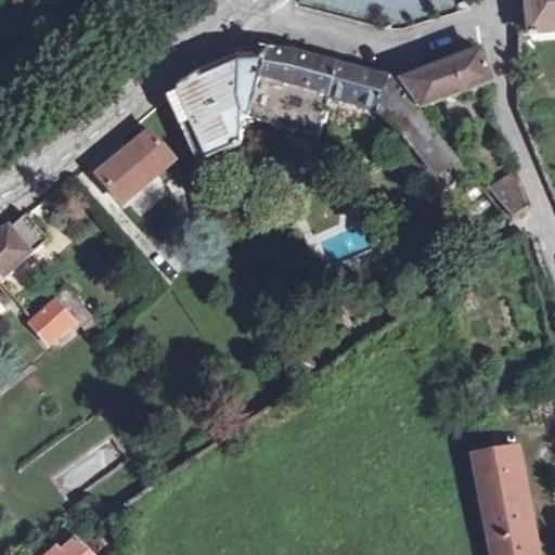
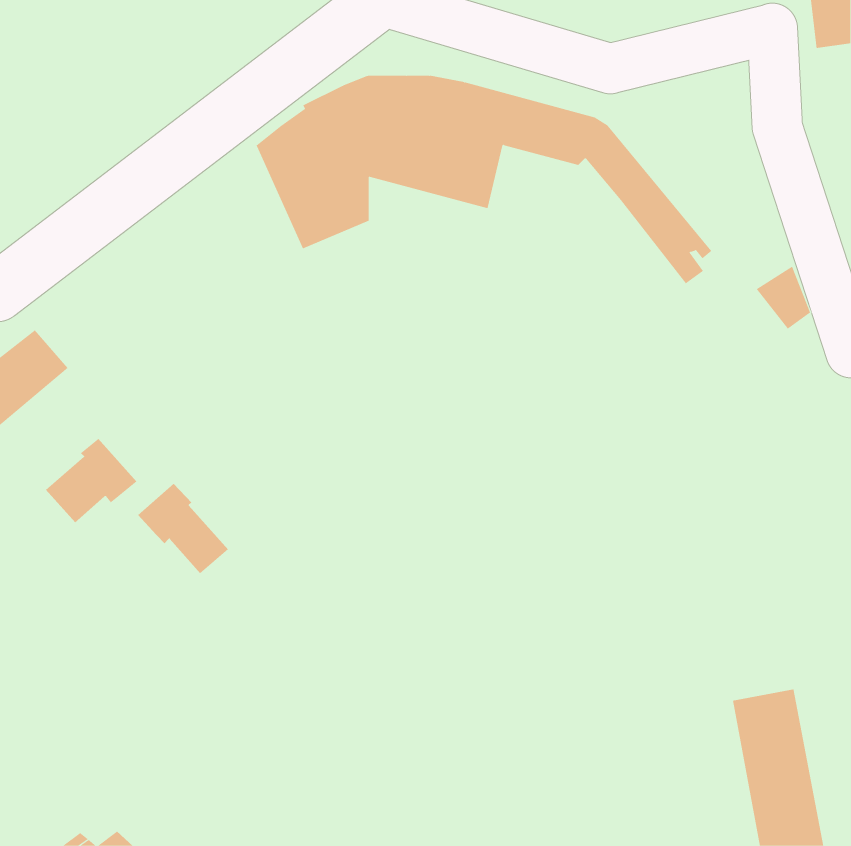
building: [403,51,490,103] -> none
building: [96,129,172,198] -> none
building: none -> [137,483,229,574]

